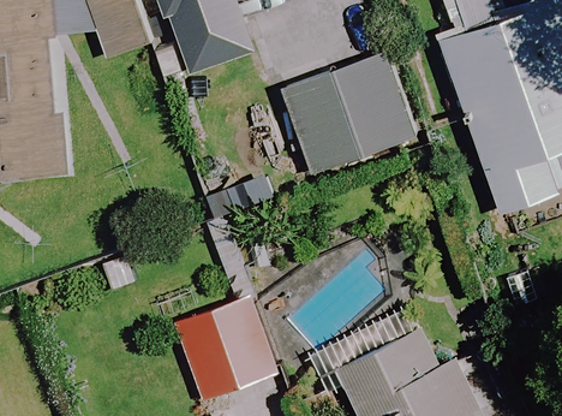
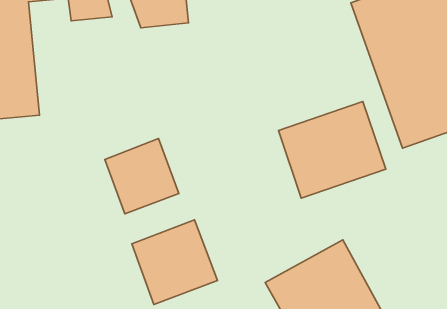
building: [282,54,412,171] -> [278,102,386,198]
building: none -> [105,139,179,214]

